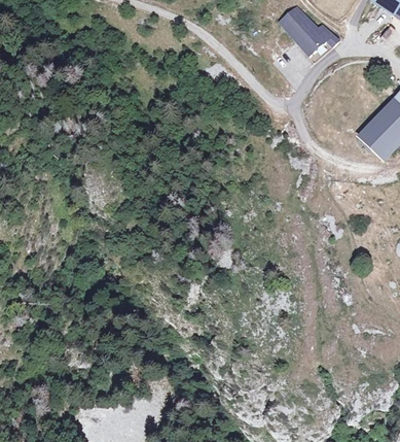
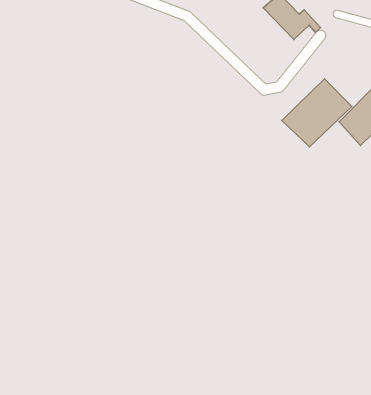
building: none -> [282,79,352,147]

